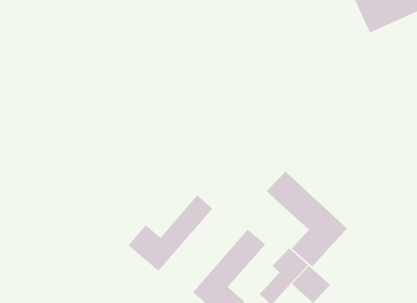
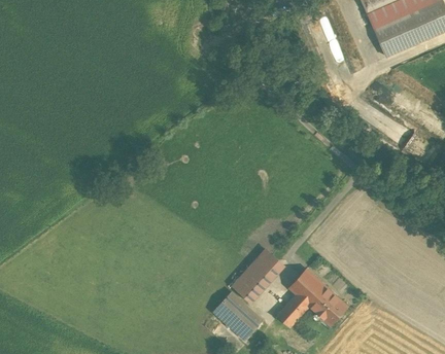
building: [266,171,348,268] -> none
building: [127,194,213,272] -> none

